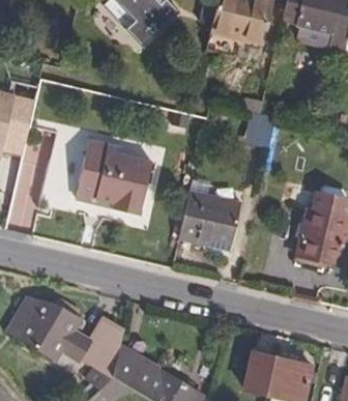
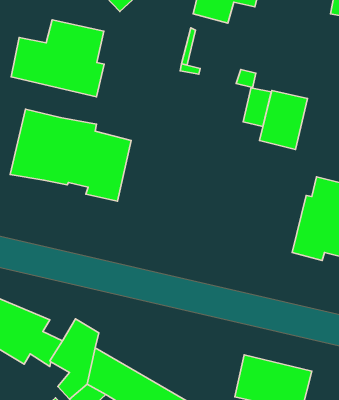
building: none -> [11,20,104,97]
building: none -> [259,91,308,150]
building: [180,192,242,250] -> none

